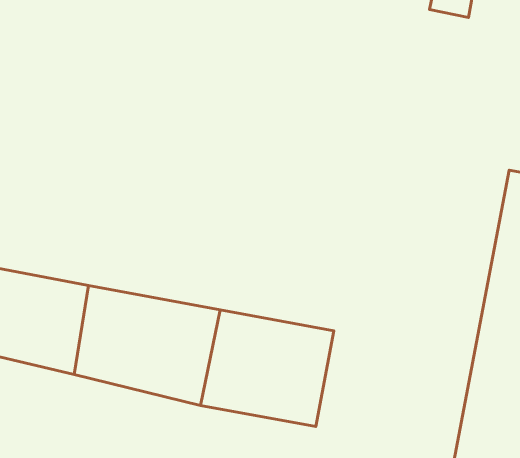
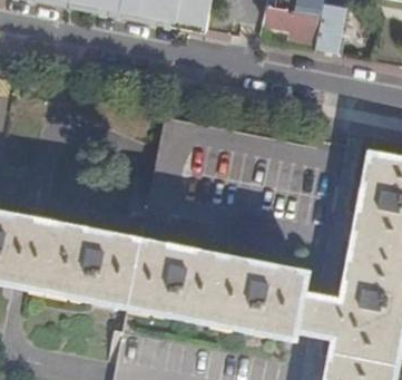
building: none -> [232,265,330,345]

